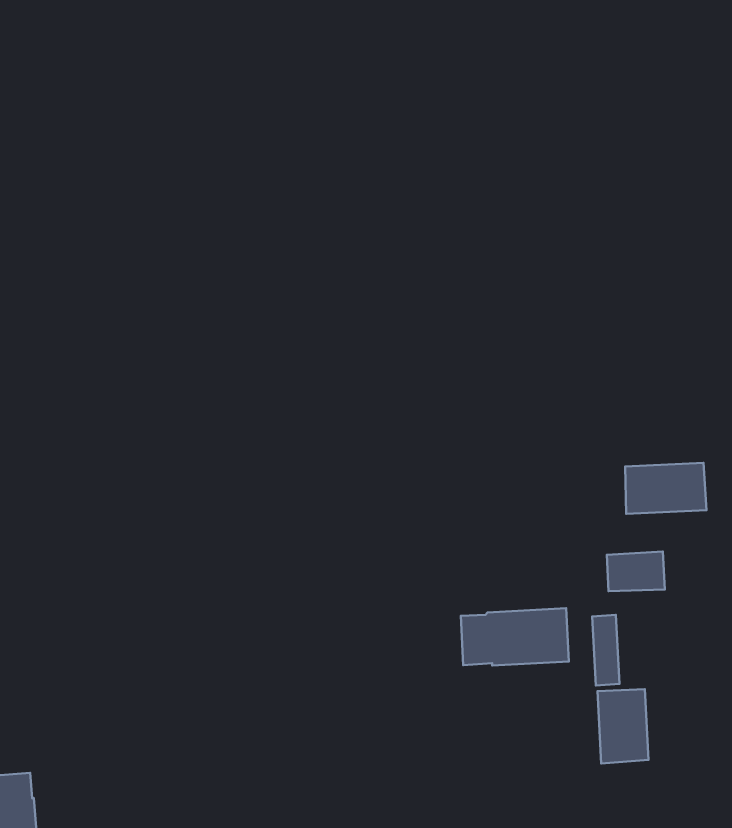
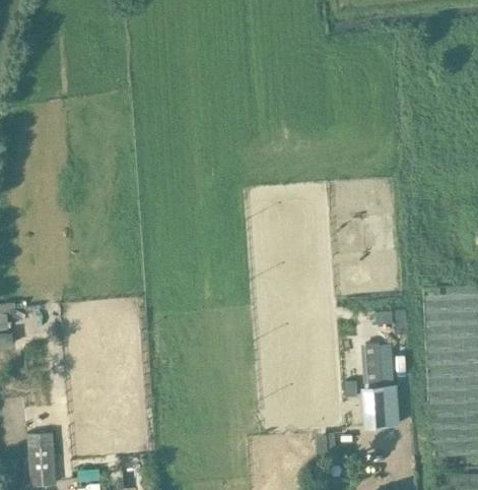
building: [625,463,706,514] -> none
building: [461,608,569,665] -> none

